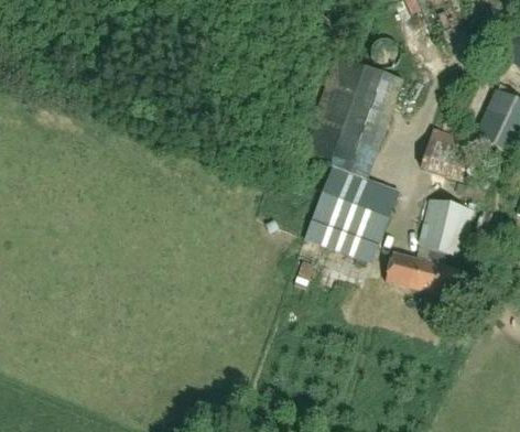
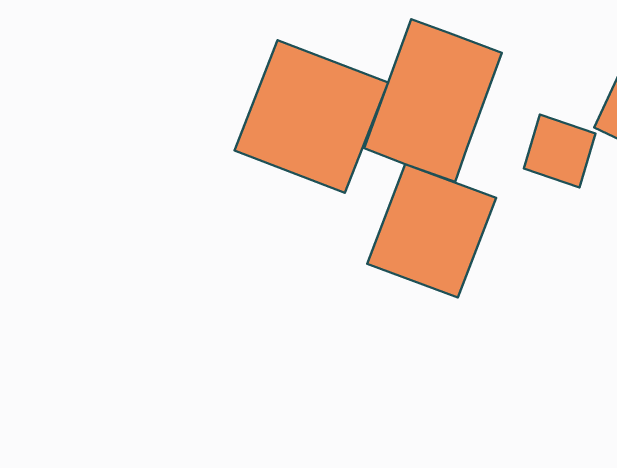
building: none -> [234,40,388,193]
building: [386,197,473,298] -> none

